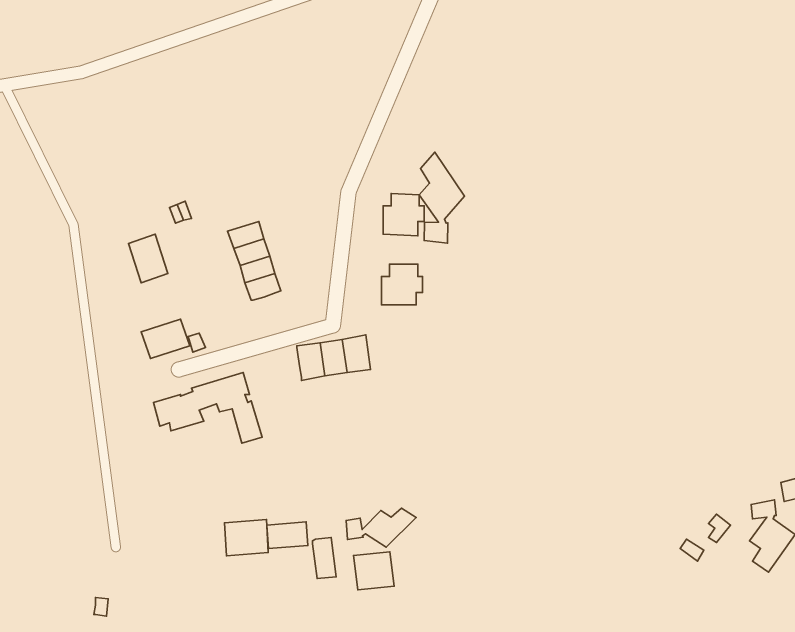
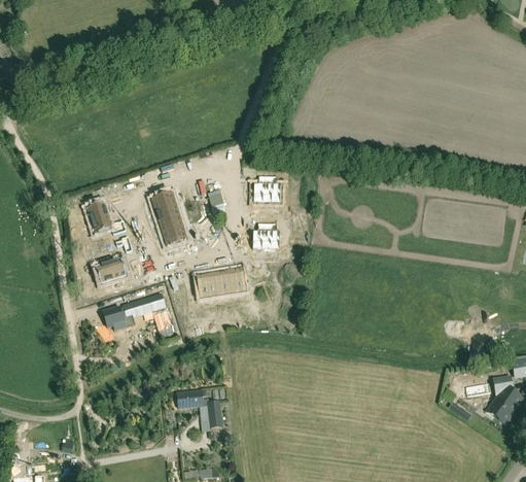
building: [419,152,464,243] -> none
building: [346,508,416,547] -> none
building: [225,519,268,556] -> none
building: [354,552,394,590] -> none

